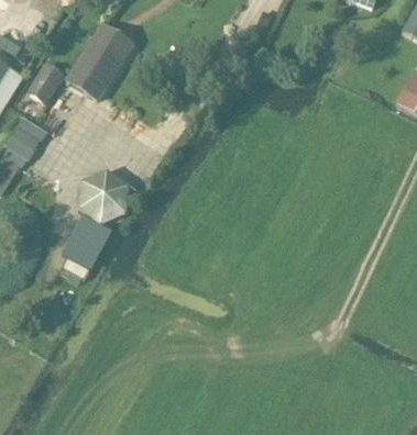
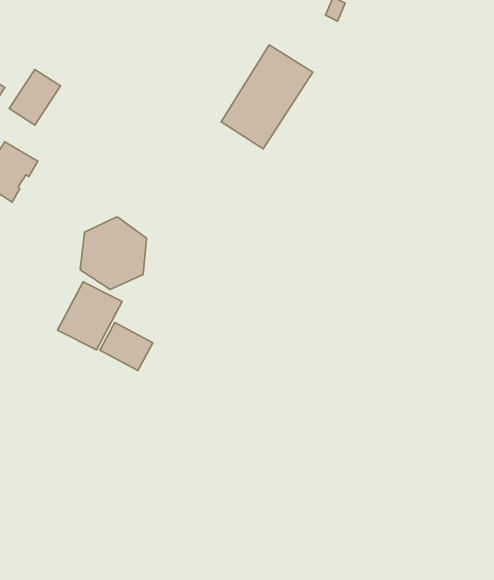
building: [66,23,133,99] -> [221,45,313,149]
building: none -> [100,323,153,371]

